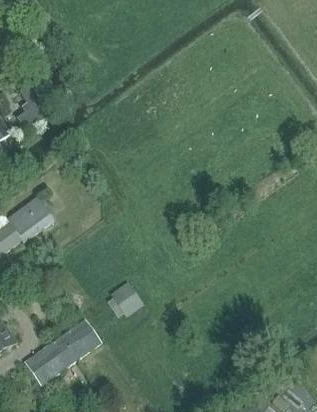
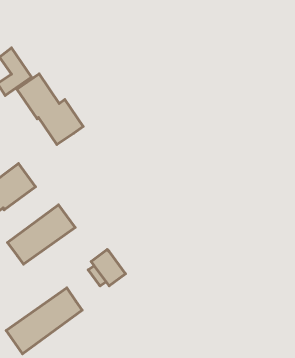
building: none -> [17,74,83,144]
building: none -> [7,205,75,264]

